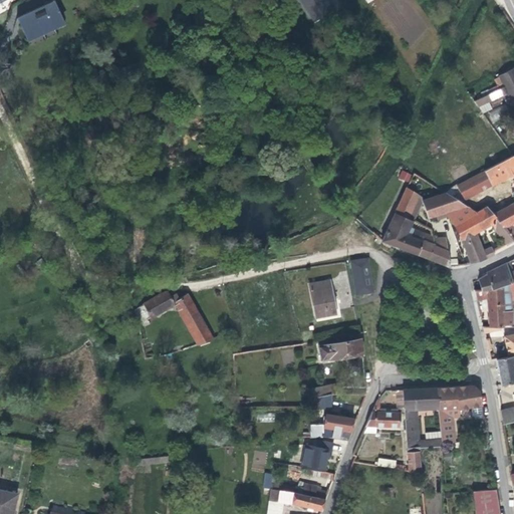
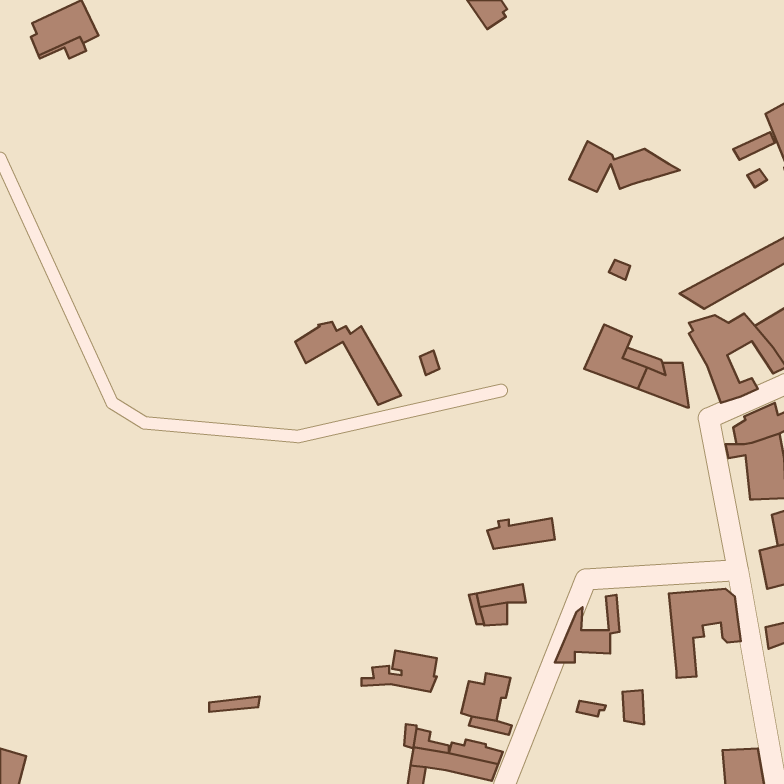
building: [396,188,468,221] -> [569,141,680,192]
building: [352,259,374,296] -> none
building: [310,281,336,317] -> none
building: [145,291,214,345] -> [295,322,401,405]
building: [404,389,443,449] -> none
building: [304,415,353,442] -> [361,650,437,692]

